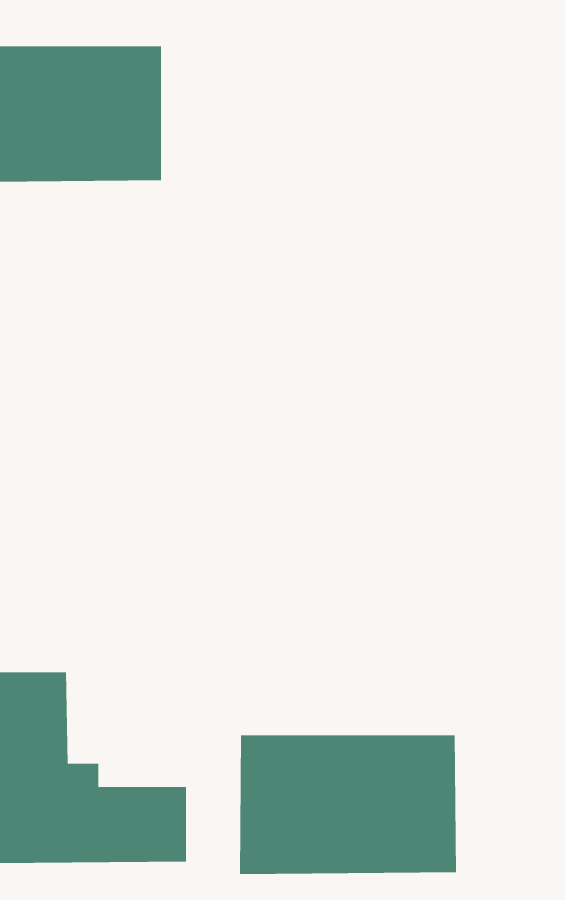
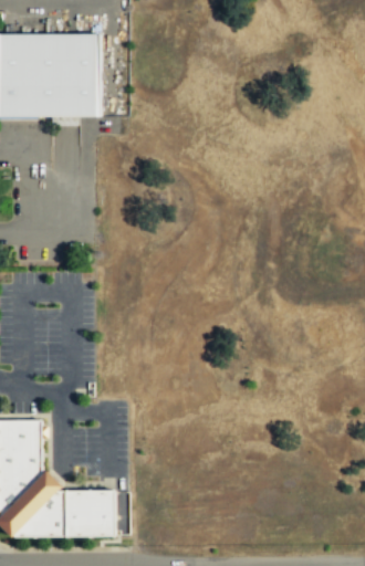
building: [239,735,457,875] -> none

